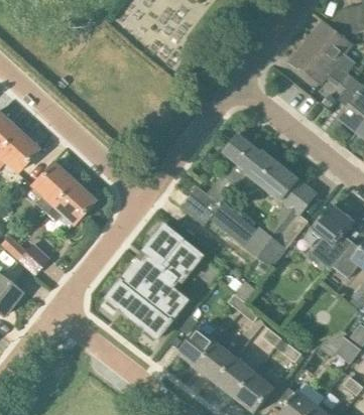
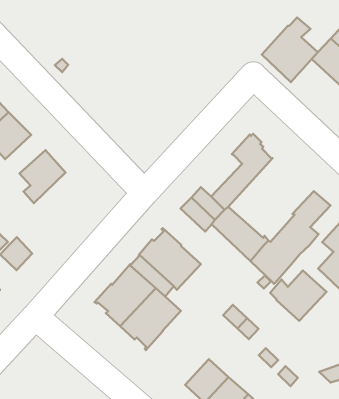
building: none -> [262,18,318,82]
building: [236,150,301,203] -> none
building: [45,181,95,225] -> none
building: none -> [270,271,327,321]
building: [177,327,217,368] -> none

